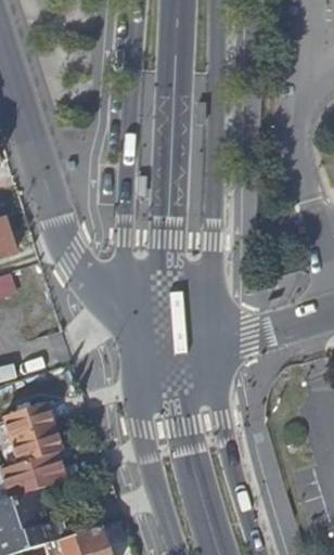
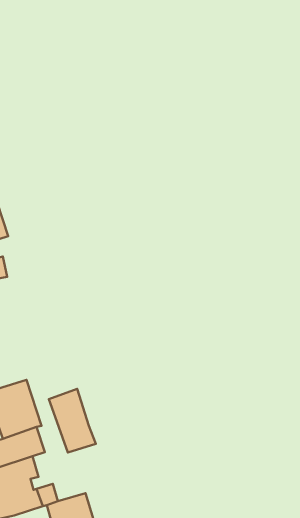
building: none -> [49,389,96,452]

